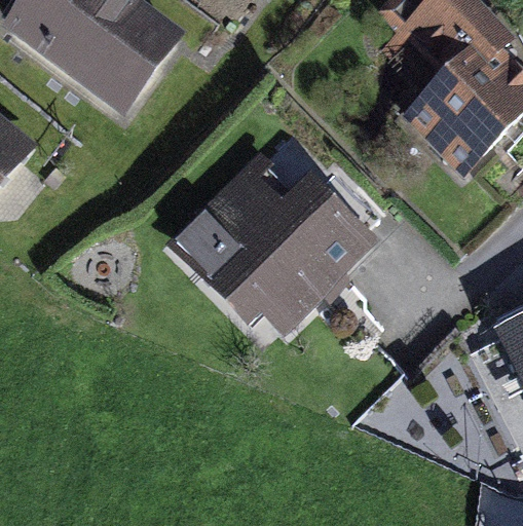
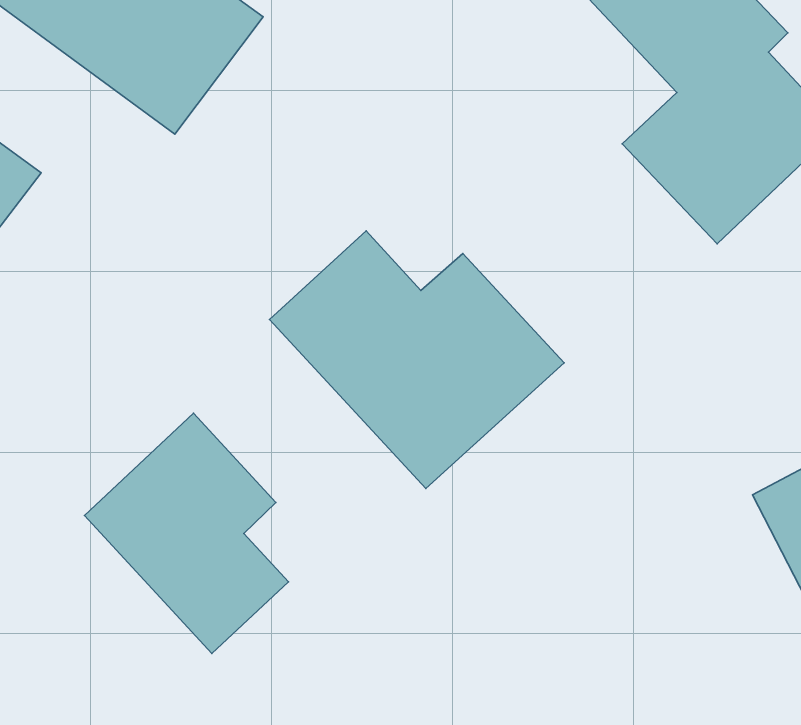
building: none -> [85,413,289,653]

